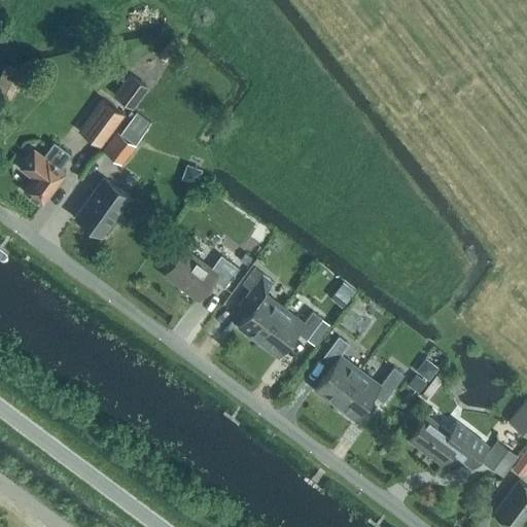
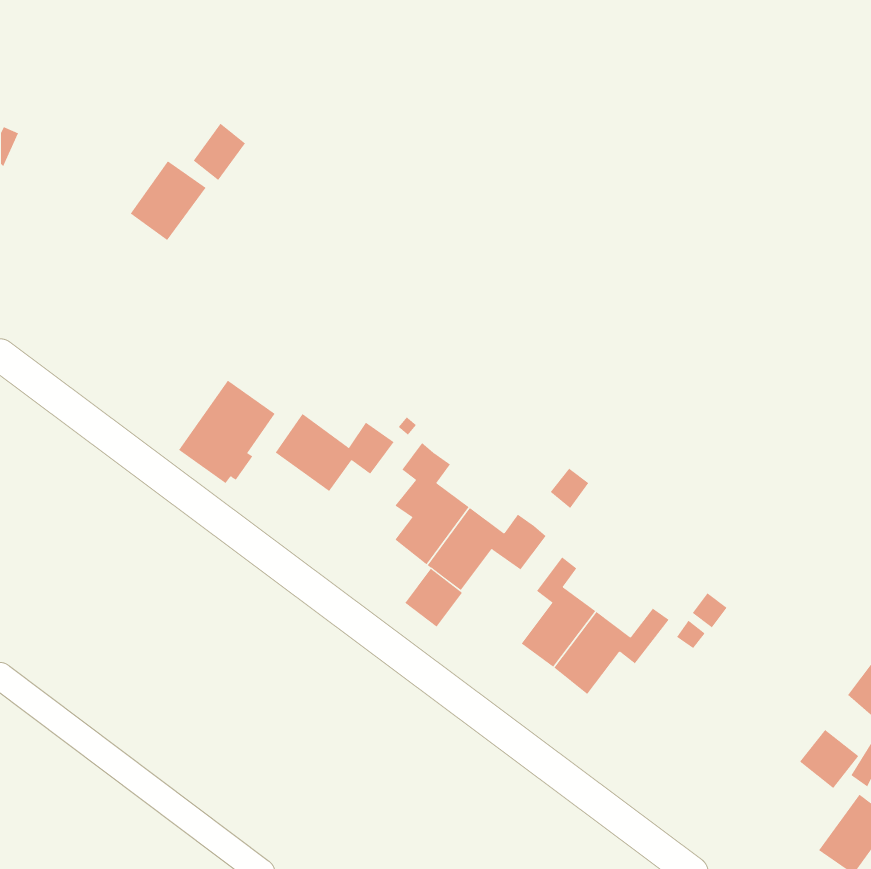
building: [105,112,151,165] -> none
building: [19,143,72,205] -> none
building: [73,176,132,239] -> [178,380,275,484]
building: none -> [405,568,463,627]
building: [410,416,489,468] -> none

